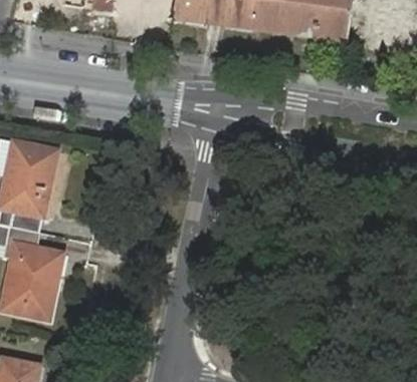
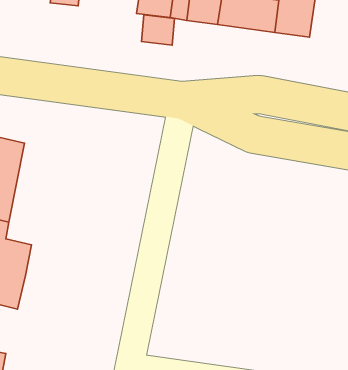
building: none -> [141,15,175,45]

